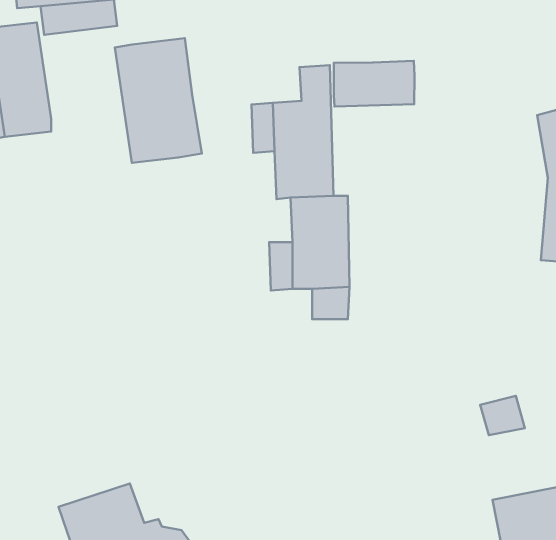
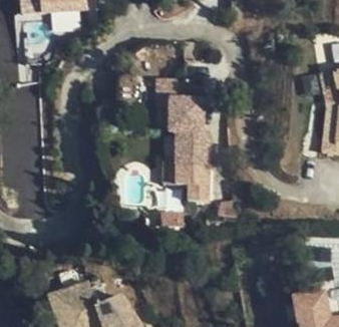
building: [115,38,202,163] -> none
building: [334,61,414,106] -> none

